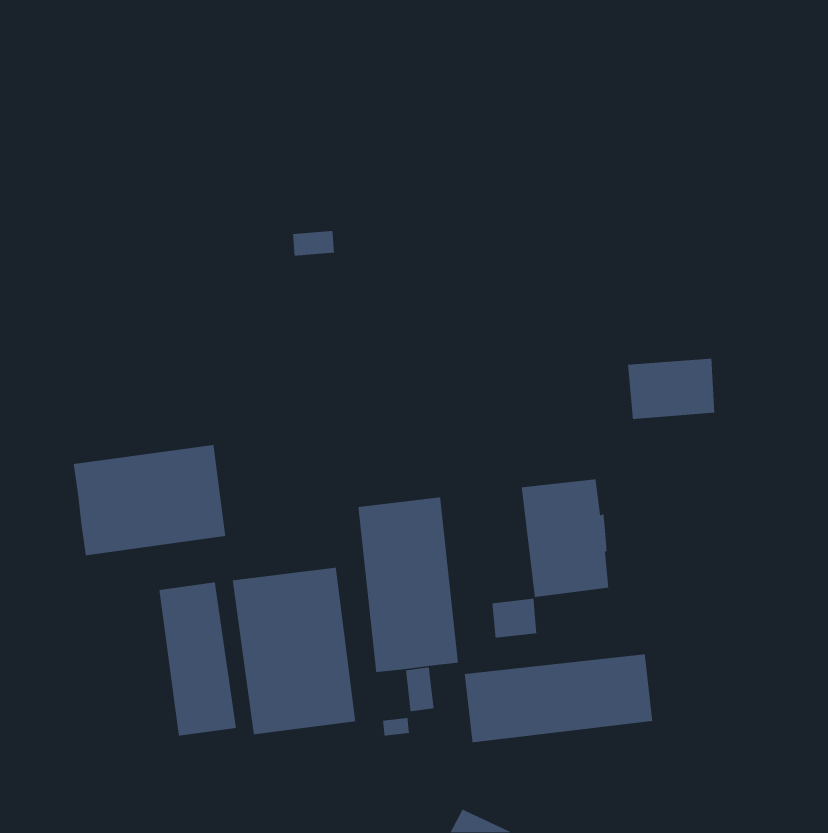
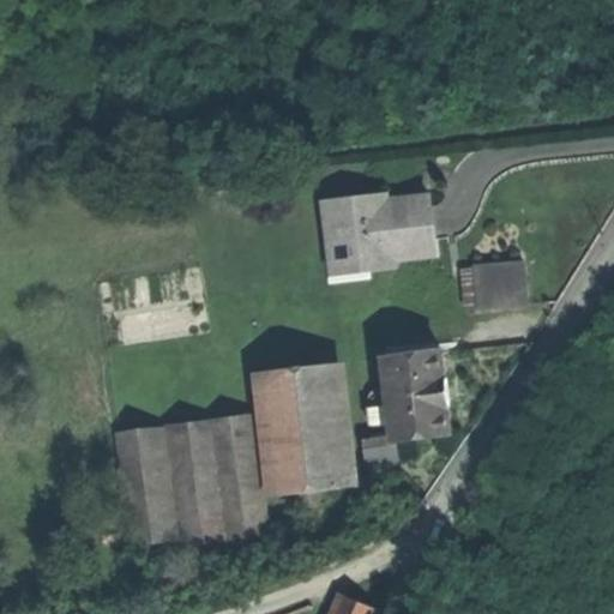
building: none -> [324,195,435,267]
building: [73,444,226,556] -> none
building: [464,653,653,743] -> none

